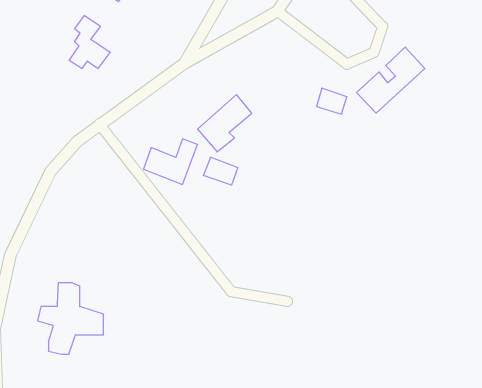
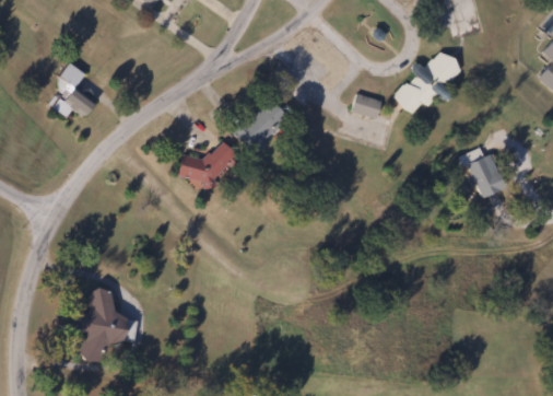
building: [69,16,110,69] -> [54,62,95,116]
building: none -> [468,154,505,197]
building: [204,157,238,185] -> none

